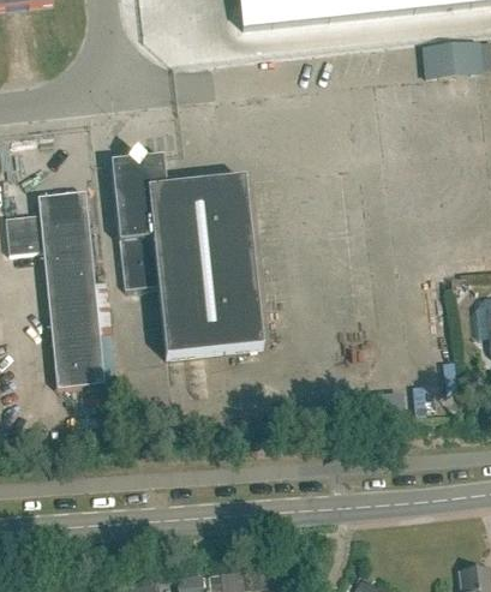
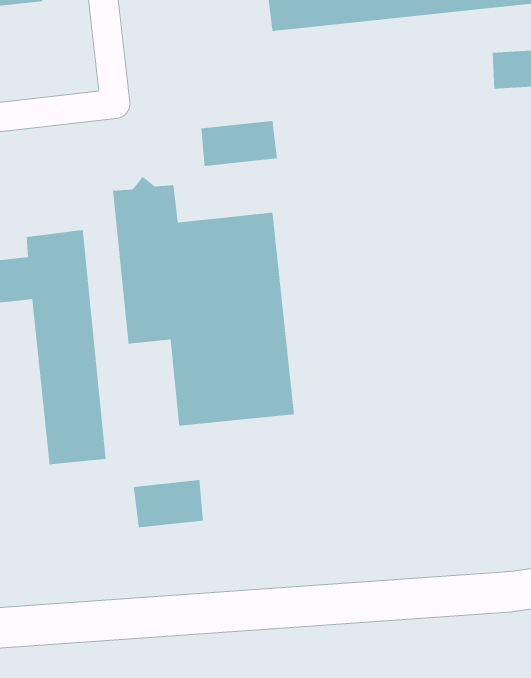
building: none -> [200,120,278,167]
building: none -> [133,479,204,528]

